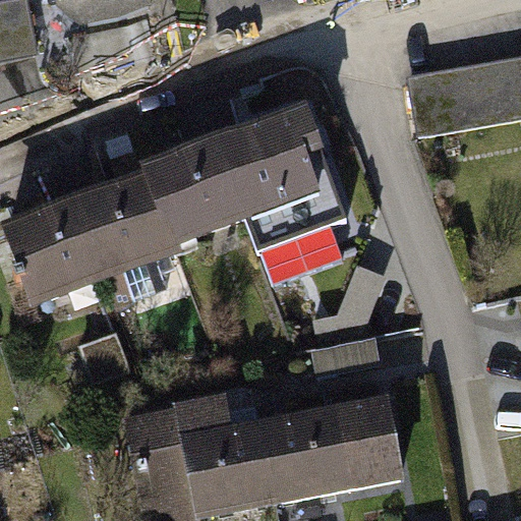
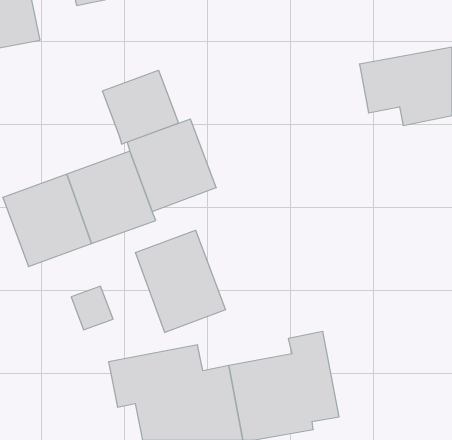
building: none -> [103,70,178,144]
building: [218,110,352,235] -> none
building: none -> [135,230,226,333]

